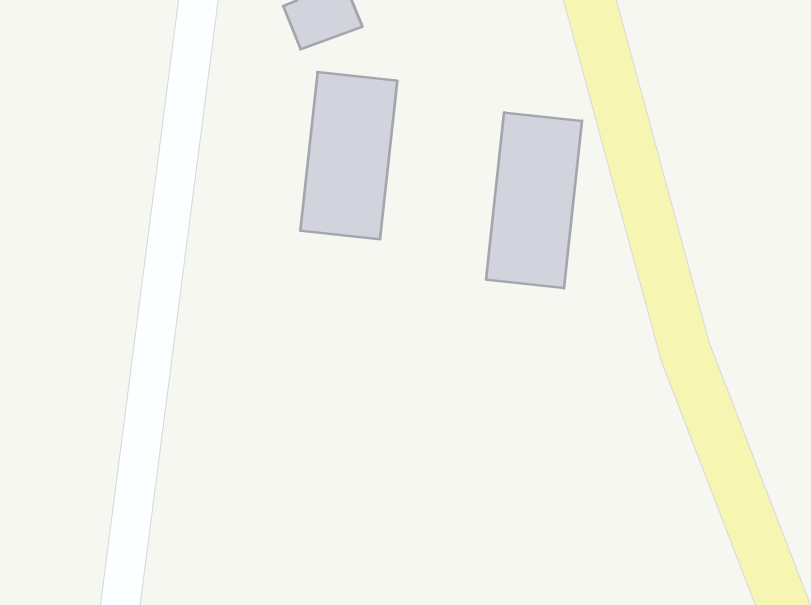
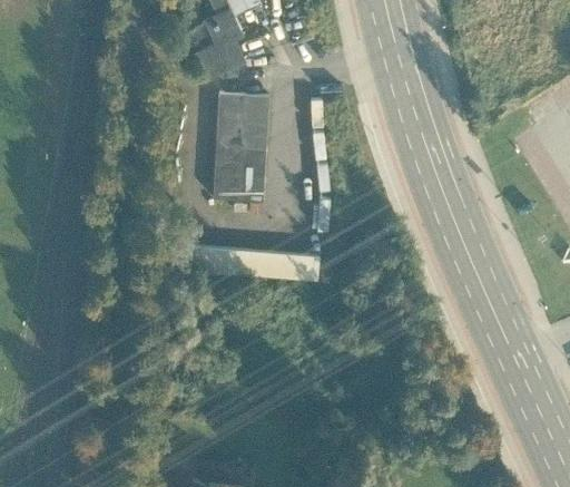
building: [486,112,582,288] -> none

